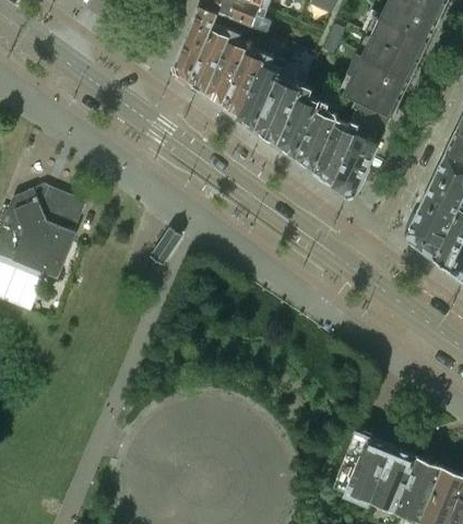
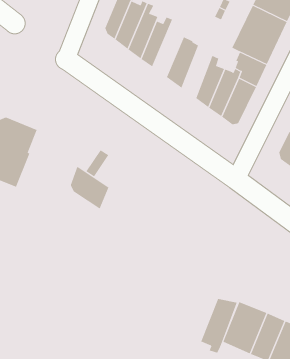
building: [238,53,281,131] -> none
building: [277,88,316,159] -> none
building: none -> [70,166,109,210]
building: none -> [200,298,237,354]

